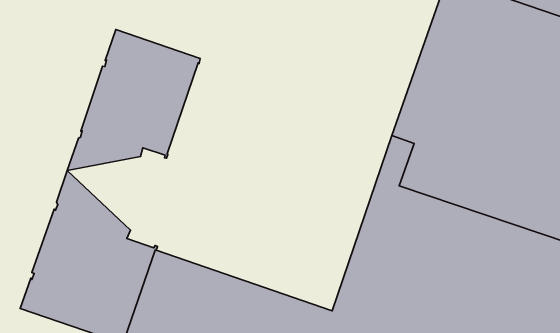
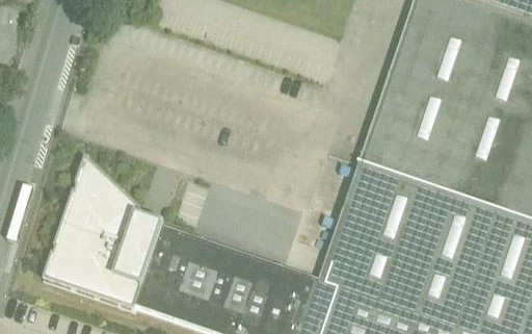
building: [67,29,200,171] -> none

